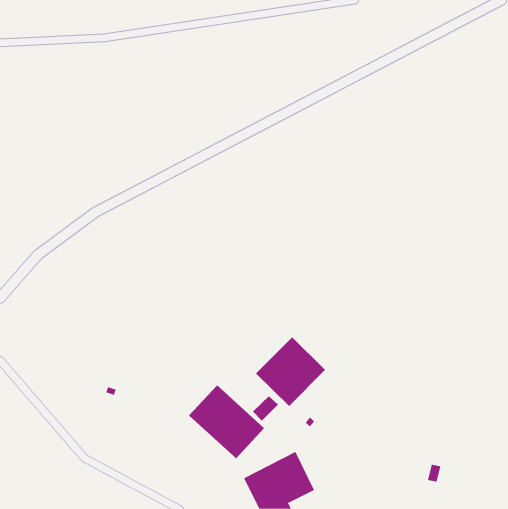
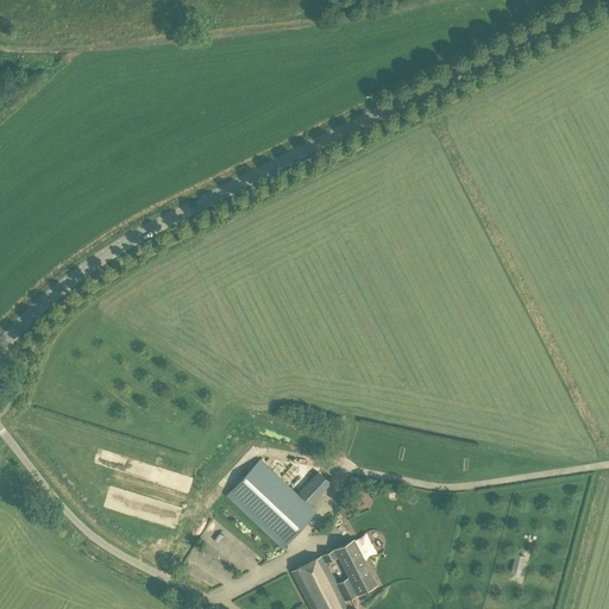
building: [255,337,326,407] -> none

